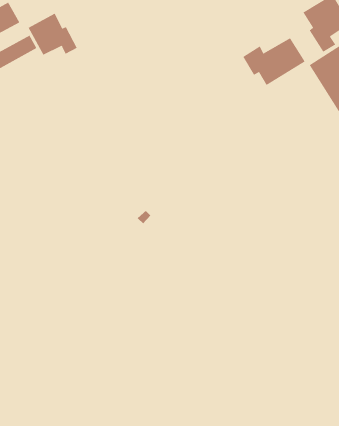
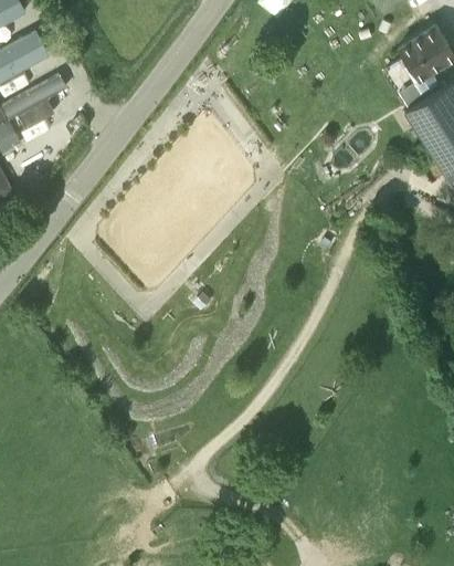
building: [28,13,77,55] -> none
building: [243,37,306,86] -> none

